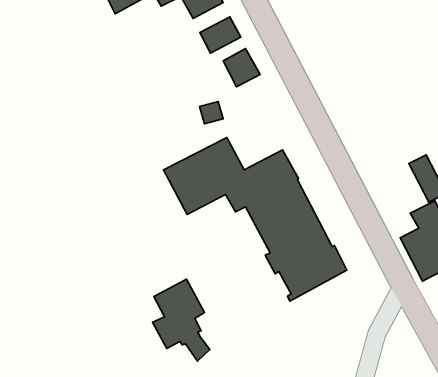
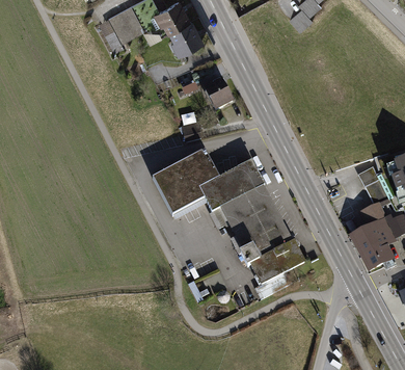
building: [200,17,241,53] -> none
building: [152,279,210,361] -> none

